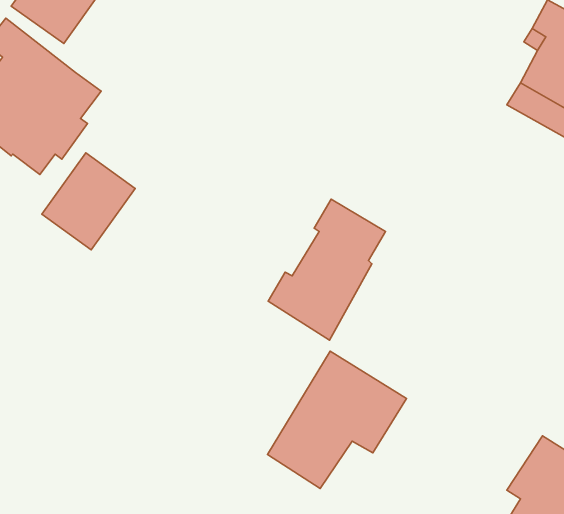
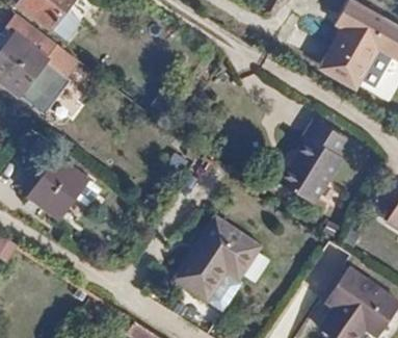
building: [42,153,135,250] -> [29,158,86,217]
building: [268,199,385,340] -> [276,119,348,205]

